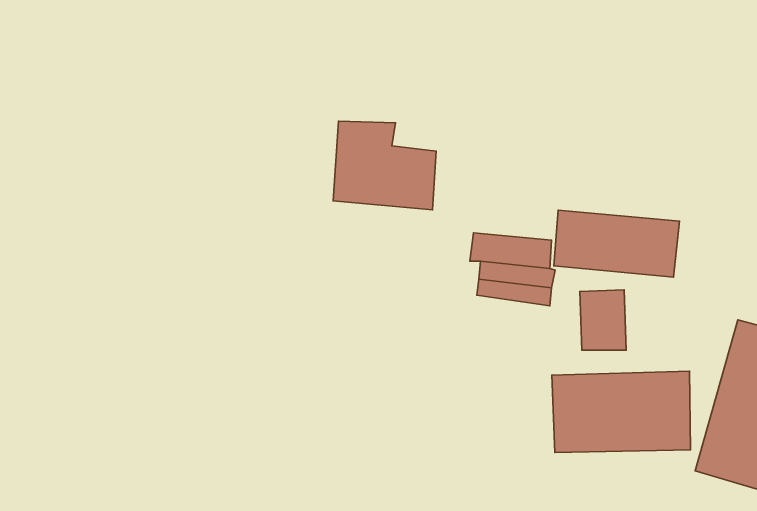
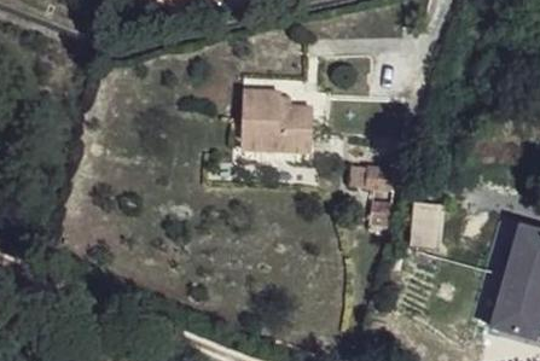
building: [554,210,680,277] -> none
building: [552,371,691,452] -> none

